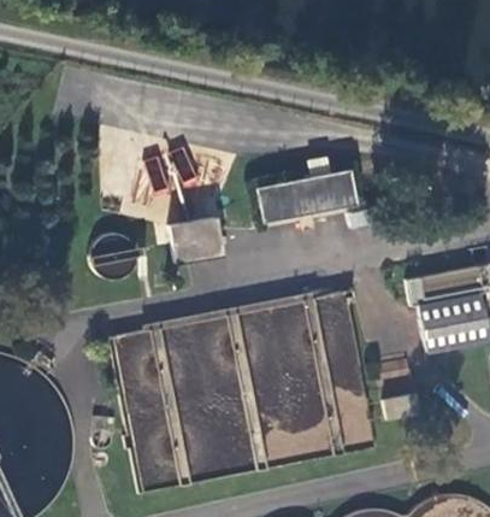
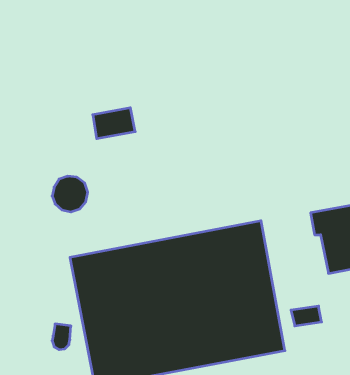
building: [258,165,354,219] -> none
building: [167,215,219,260] -> none

